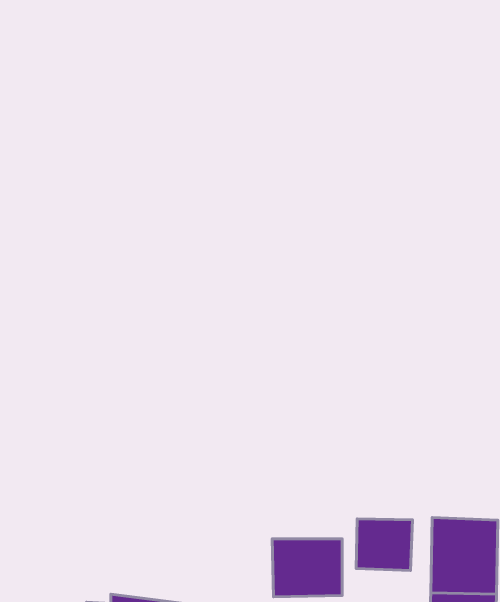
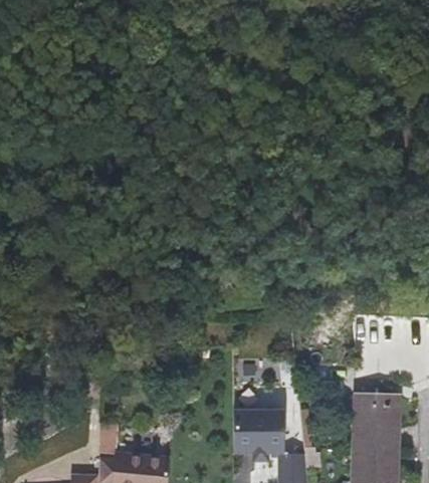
building: [356,519,412,571] -> none

